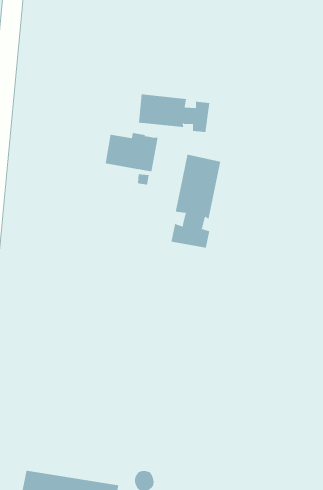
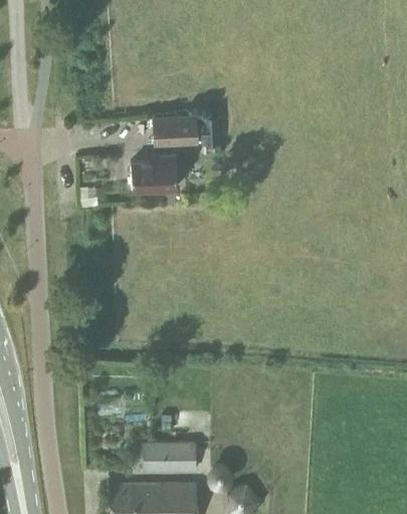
building: [171,154,221,248] -> none
building: none -> [144,442,197,472]

